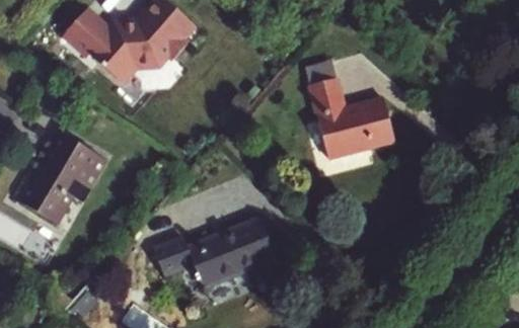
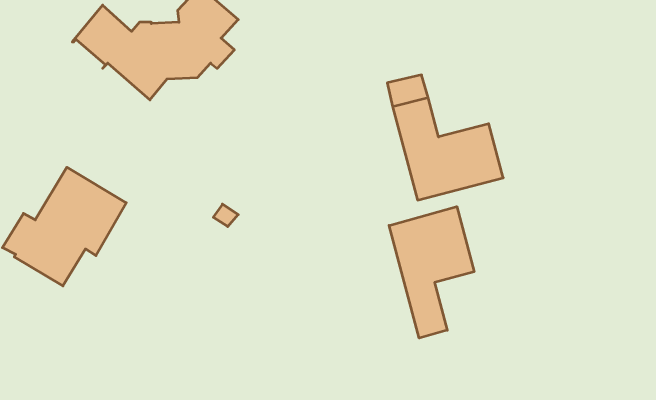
building: none -> [389,207,474,338]
building: [154,218,277,288] -> none

